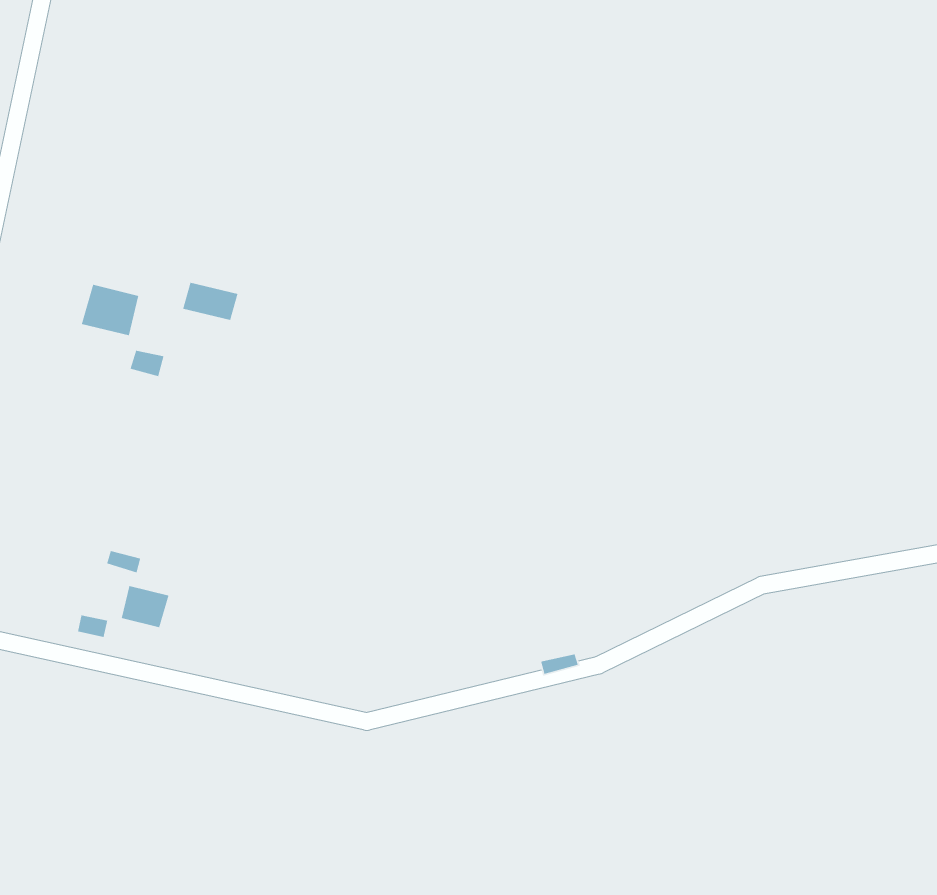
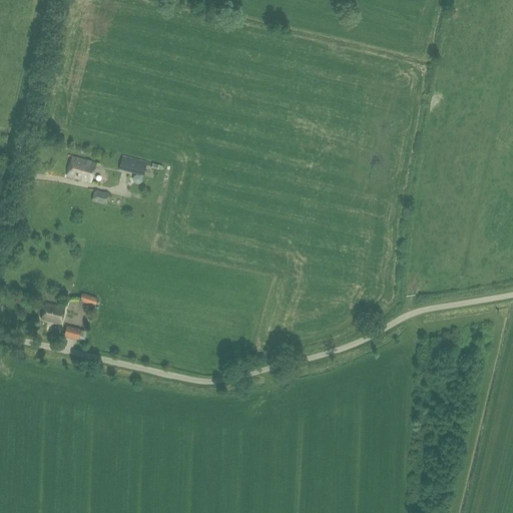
building: [121,585,170,628] -> [41,302,66,324]

